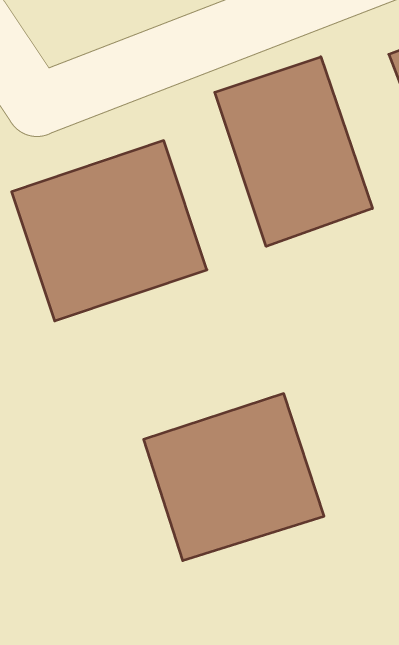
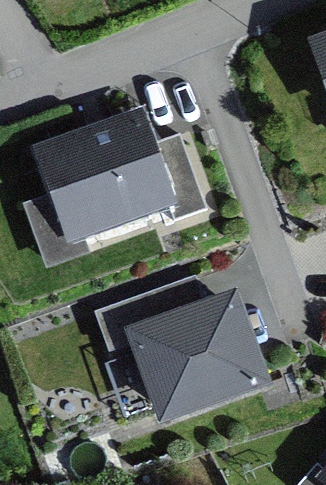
building: [215,57,372,246] -> none

